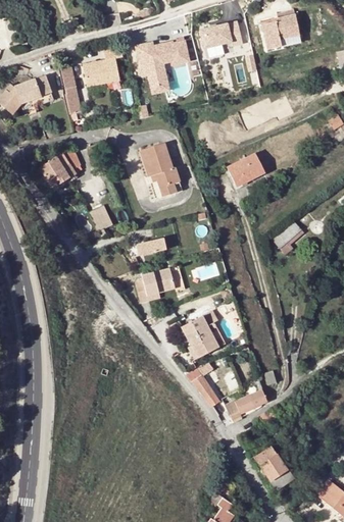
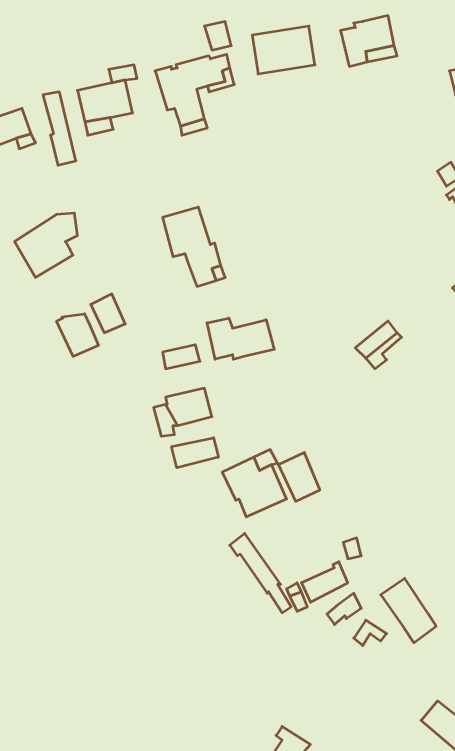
building: [230,153,264,184] -> none
building: none -> [57,314,98,356]
building: none -> [207,318,274,359]
building: none -> [172,438,218,468]
building: none -> [279,452,320,501]
building: [254,446,292,489] -> [381,578,436,643]

